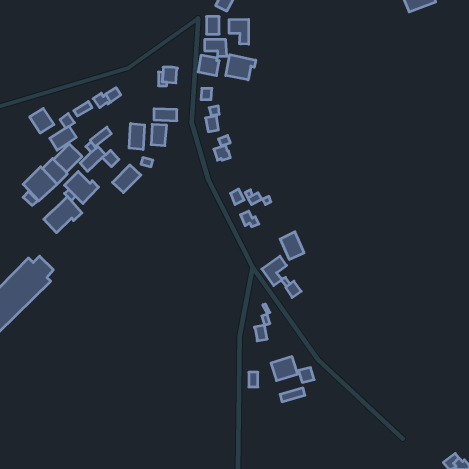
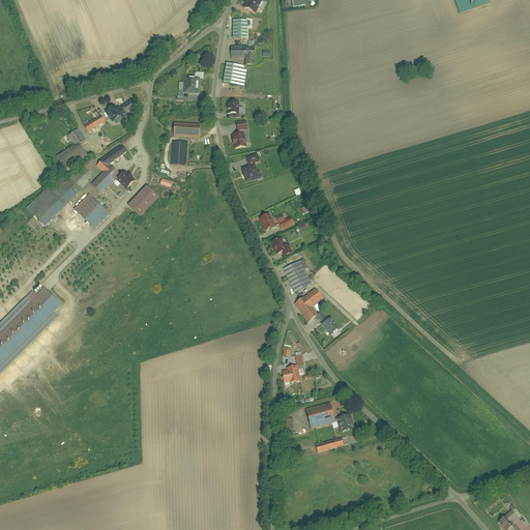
building: [229,19,249,44] -> none
building: [226,55,256,80] -> none
building: [30,108,54,133] -> none
building: [129,123,145,150] -> none
building: [44,197,82,233] -> none
building: [280,232,304,259] -> [283,260,310,291]

